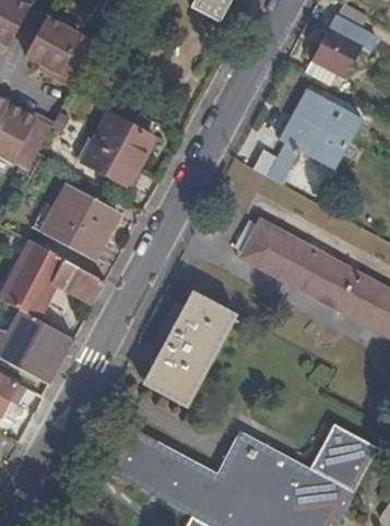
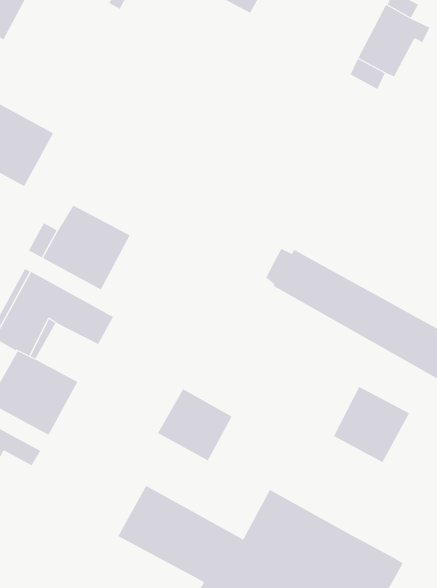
building: [28,15,99,87] -> none
building: [253,93,364,185] -> none
building: [85,114,156,186] -> none
building: [165,291,236,367] -> none
building: [306,424,371,490] -> [333,386,410,463]

